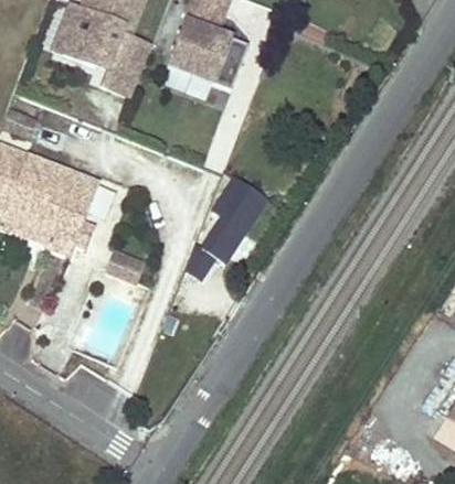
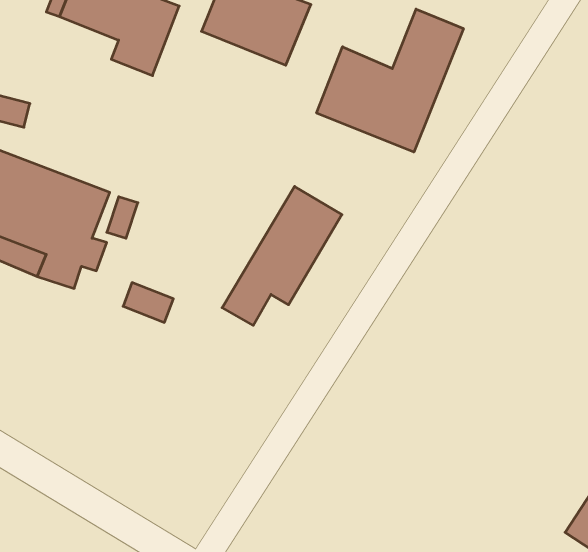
building: none -> [317,9,463,152]

